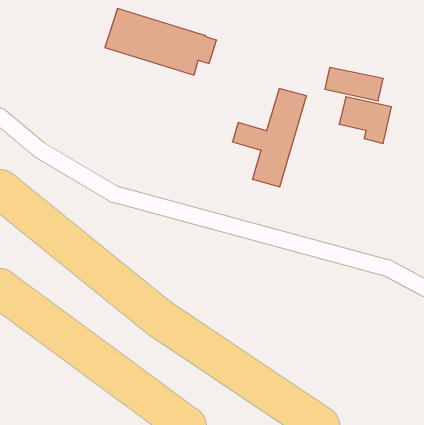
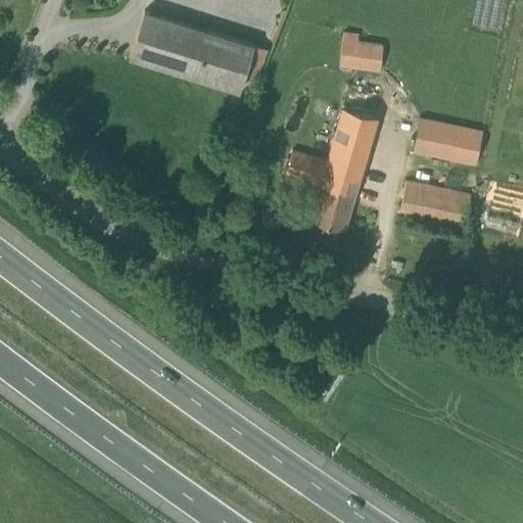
building: none -> [341,32,384,72]
building: [325,68,383,101] -> [401,182,473,223]

